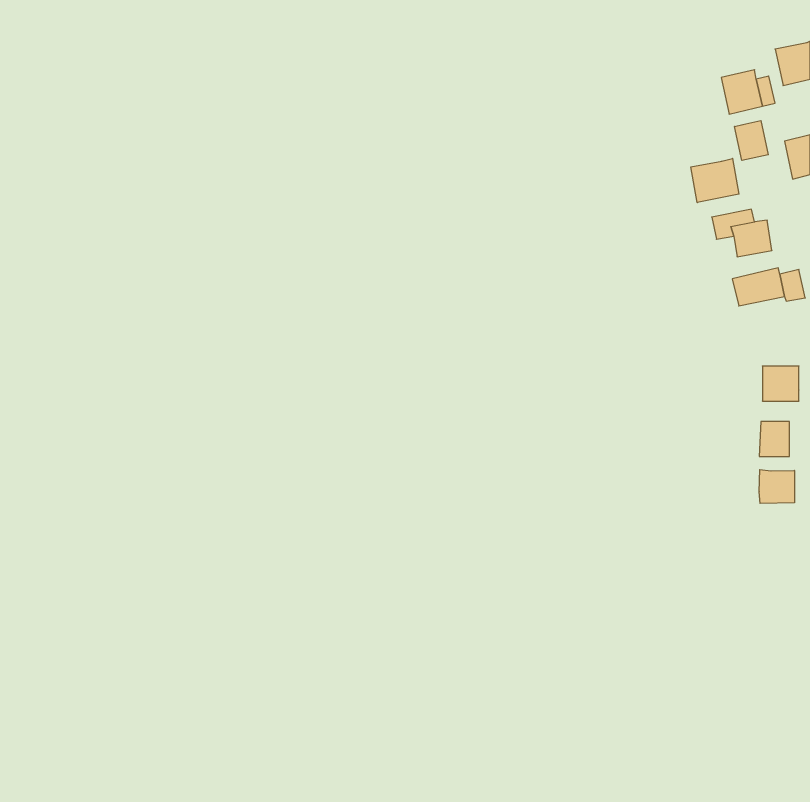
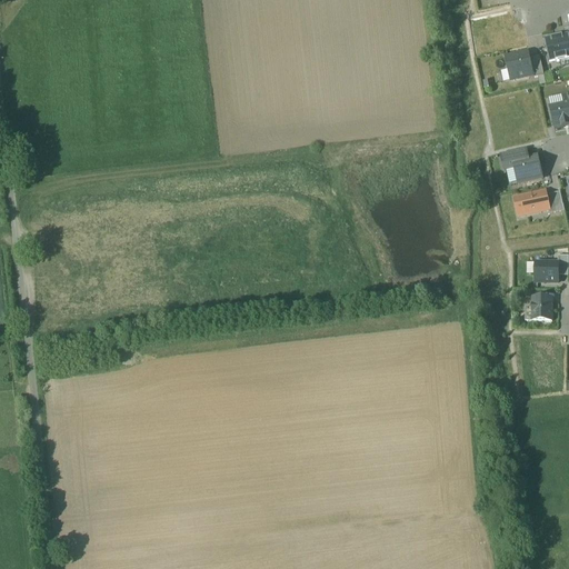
building: [735,121,768,160] -> none
building: [691,158,739,203] -> none
building: [759,470,794,503] -> none

